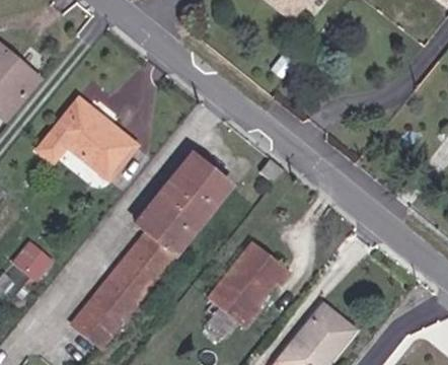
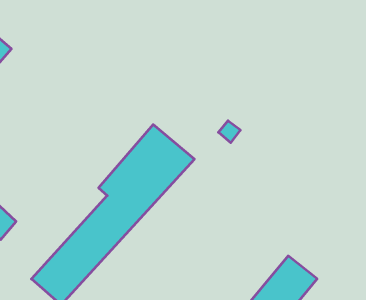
building: [38,101,138,192] -> none
building: [204,237,280,316] -> none

